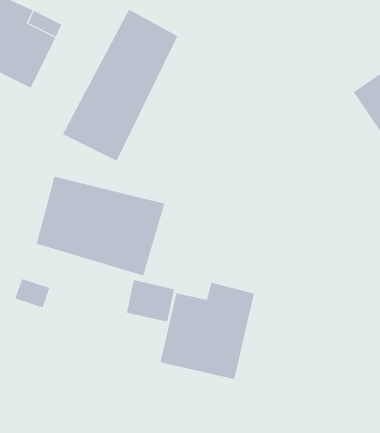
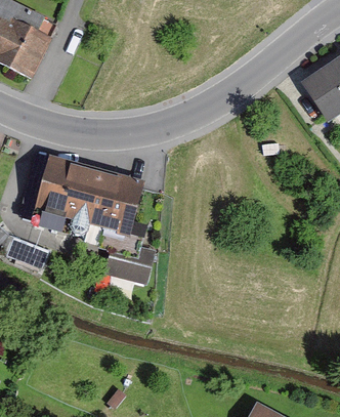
building: [62,9,178,161] -> none
building: [160,282,254,380] -> none

